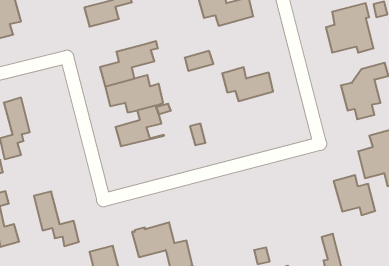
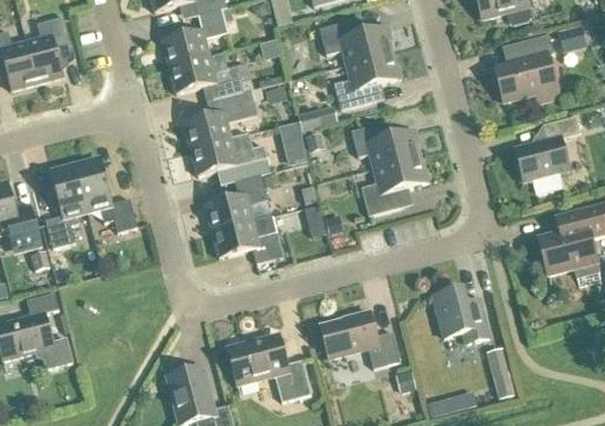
building: none -> [169,51,242,100]
building: none -> [333,51,401,109]
building: none -> [281,114,309,159]
building: none -> [360,155,428,215]
building: none -> [212,215,282,263]
building: [334,175,375,215] -> [431,287,489,342]
building: [34,191,79,246] -> [75,157,137,232]
building: none -> [319,311,399,368]

